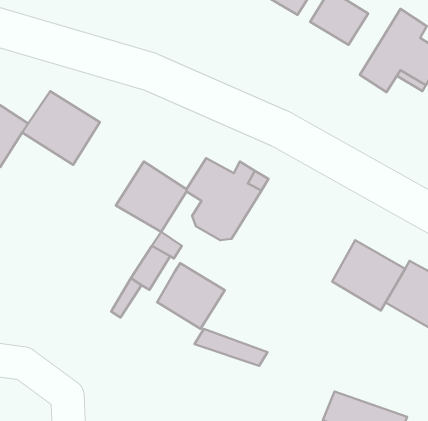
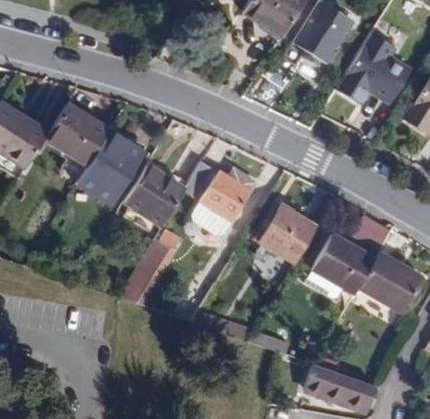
building: none -> [77,130,143,204]
building: none -> [261,205,319,263]
building: [157,263,225,329] -> none

